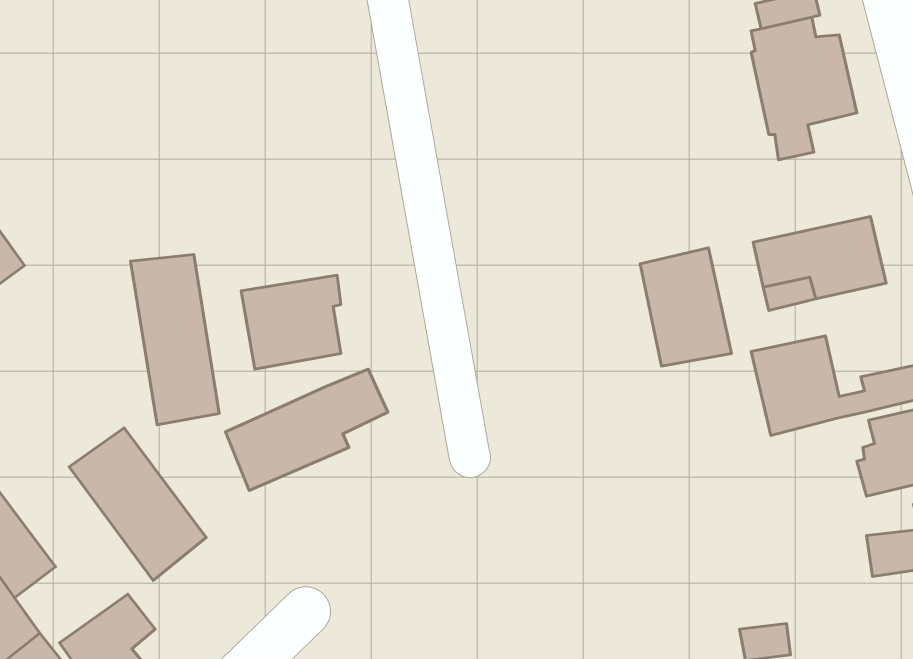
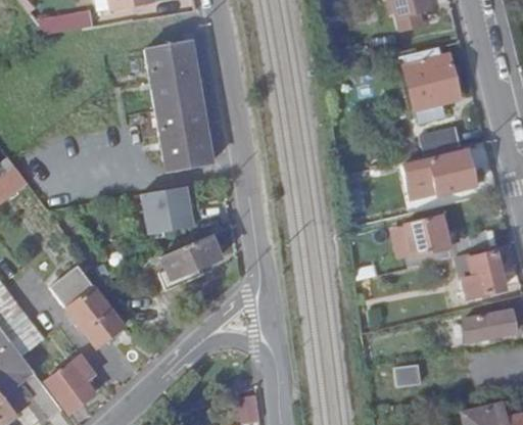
building: none -> [144,46,208,171]
building: none -> [425,130,466,158]
building: [640,248,731,366] -> none
building: [131,255,219,425] -> none

